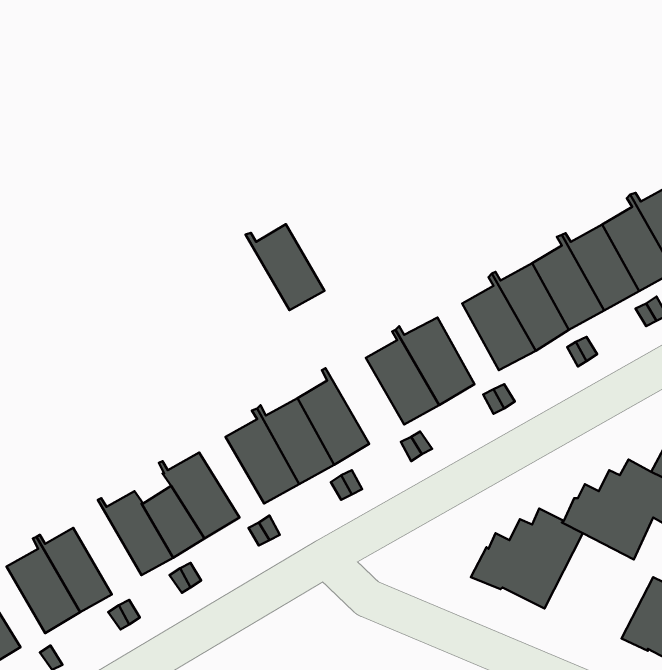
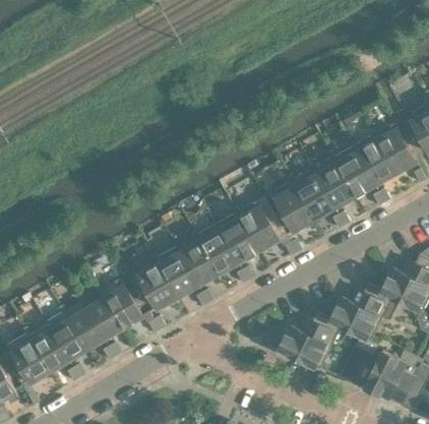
building: [246,224,324,310] -> [192,226,238,276]
building: none -> [46,308,85,363]

